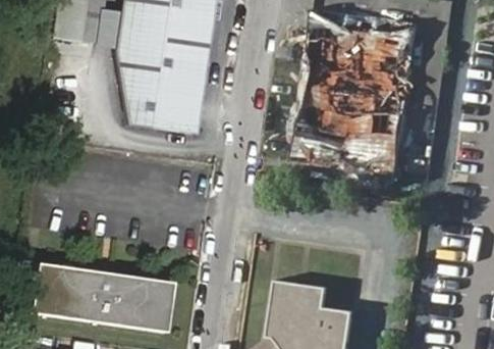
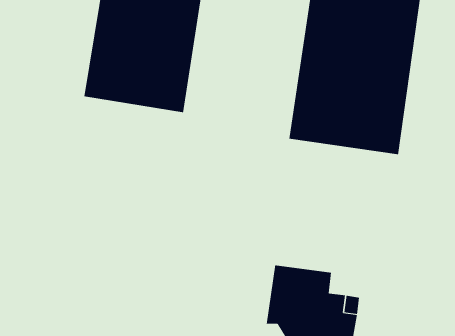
building: [33,265,175,337] -> none

